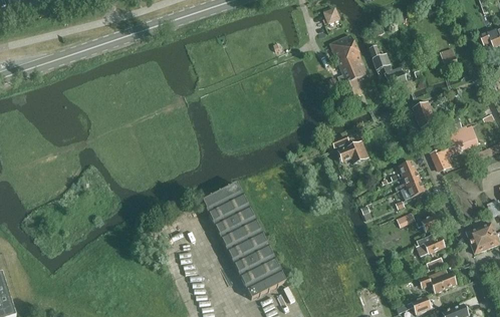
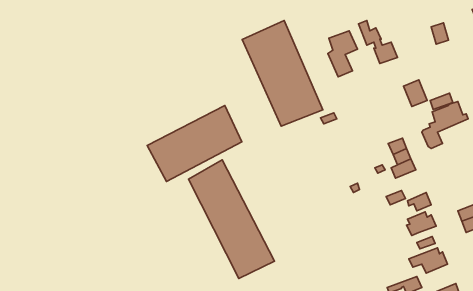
building: [331,33,359,61] -> none
building: none -> [242,21,323,126]
building: none -> [147,106,242,182]
building: [337,138,368,162] -> none

